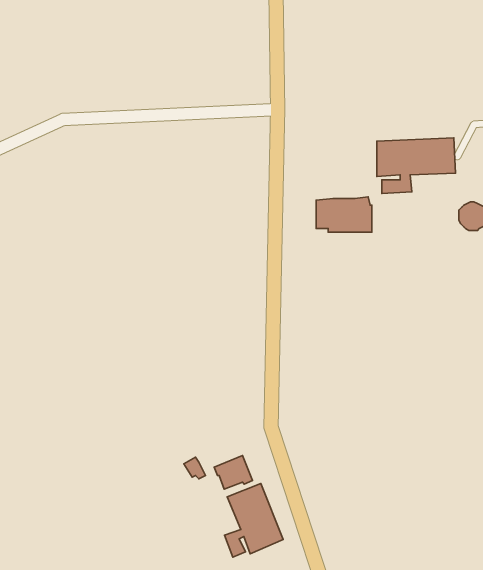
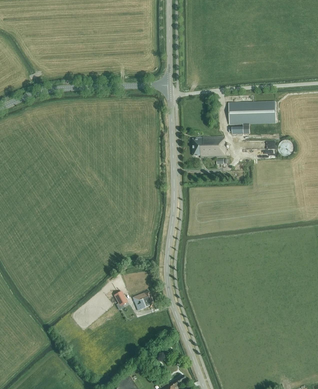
building: [224,484,283,557] -> none

